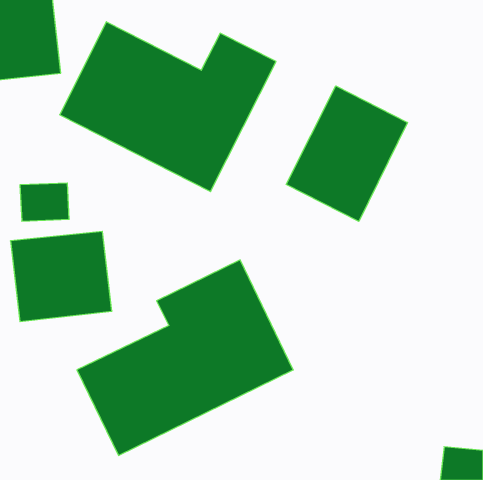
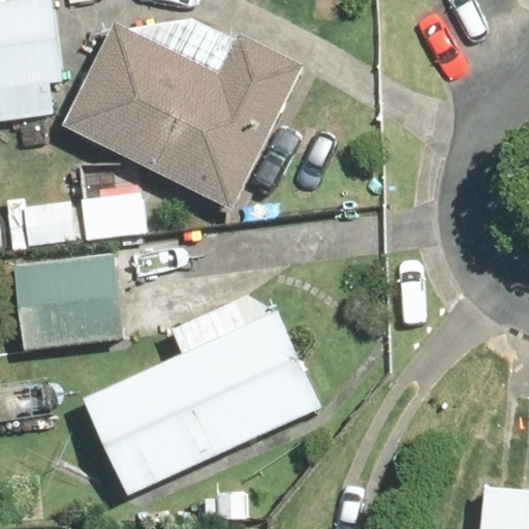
building: [286,86,407,221] -> none

